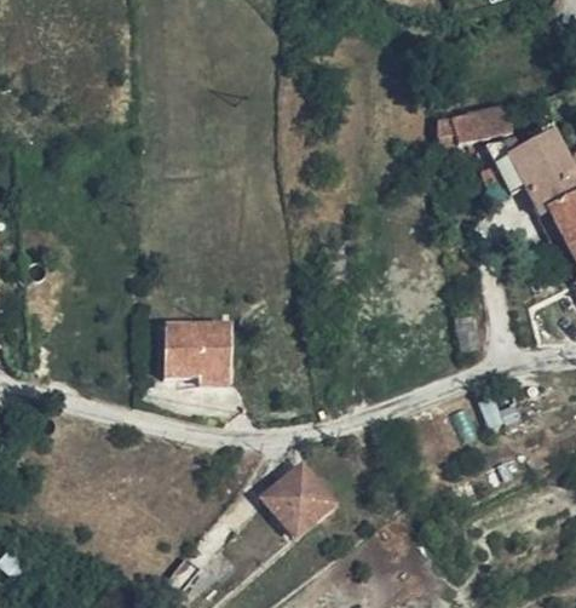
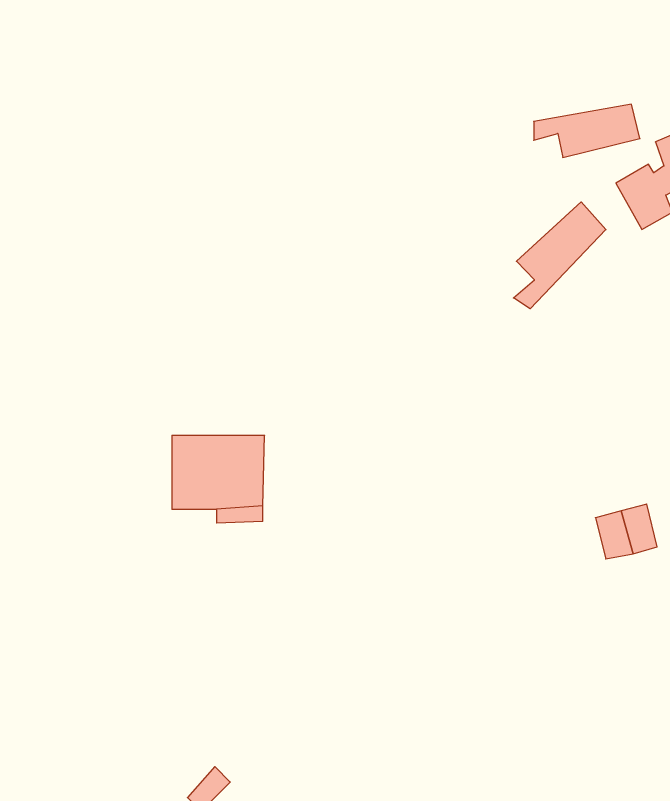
building: none -> [513,202,606,309]
building: [265,466,334,537] -> none

